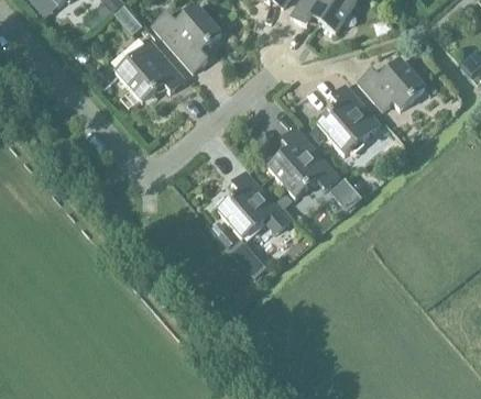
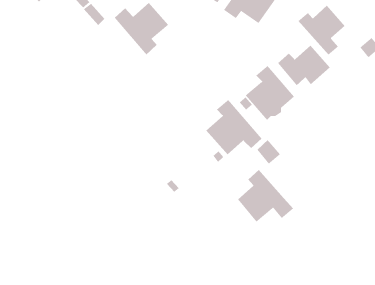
building: none -> [298,5,346,55]
building: [114,41,185,102] -> none
building: [218,171,289,239] -> [237,169,294,222]

